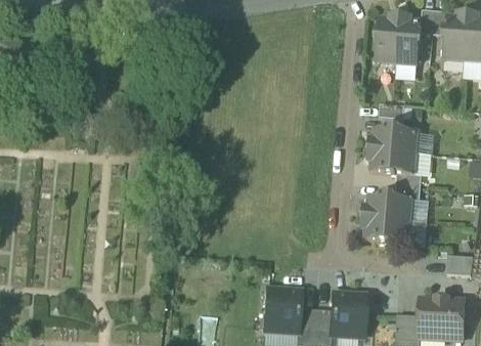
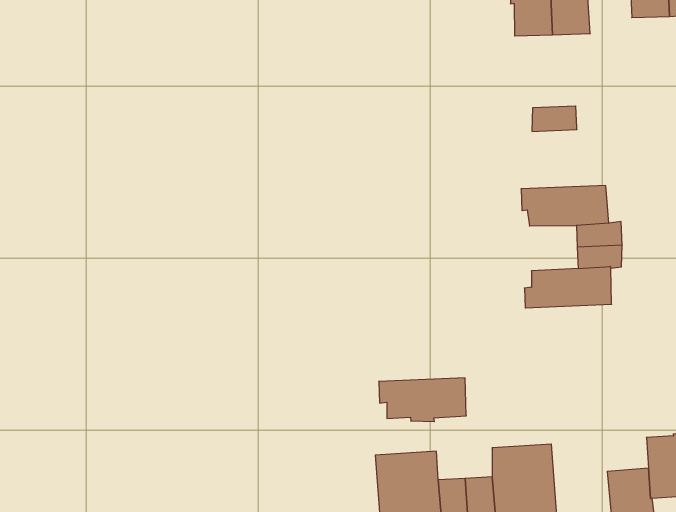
building: [367,128,418,153] -> none
building: [360,216,410,243] -> [379,378,466,422]

